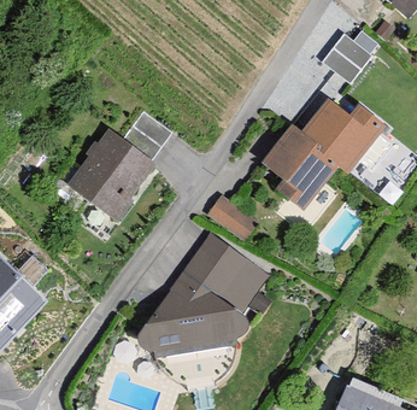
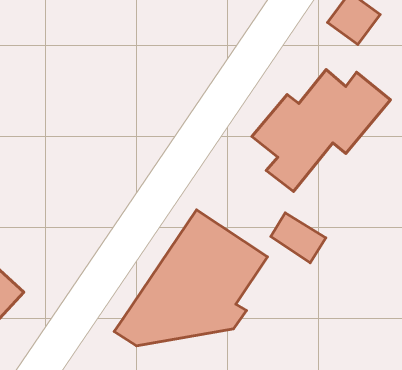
building: [57,113,177,223] -> none
building: [206,194,257,240] -> [271,213,326,263]

